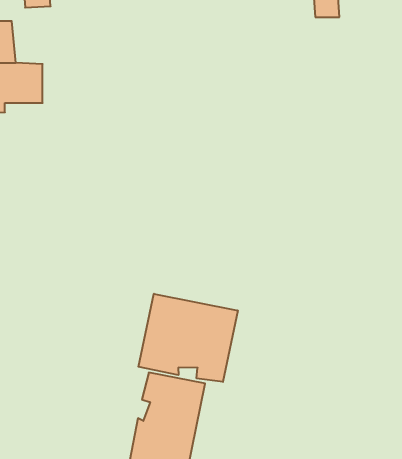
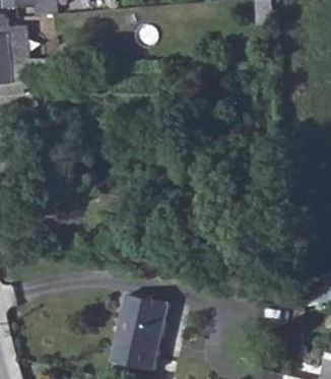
building: [138,294,238,382] -> none

